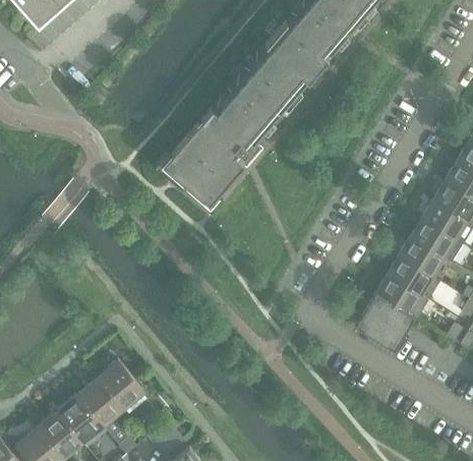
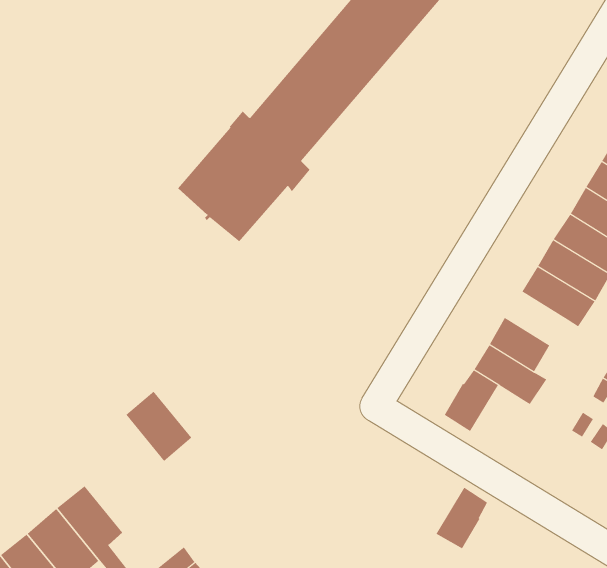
building: [398,238,442,277] -> none
building: [373,305,411,350] -> [436,487,488,549]
building: [97,360,144,411] -> [126,391,192,462]

